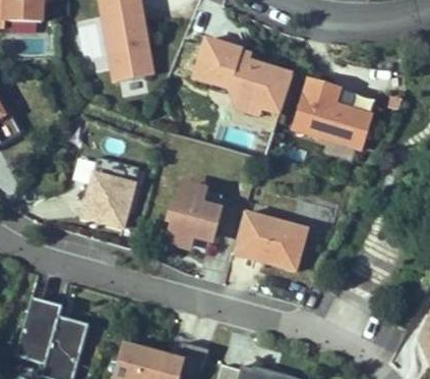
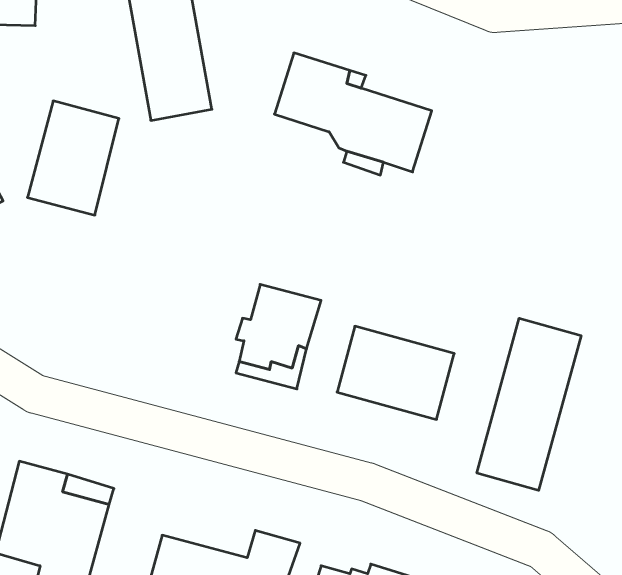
building: [292,80,369,149] -> none
building: [80,156,138,228] -> [27,101,119,215]
building: none -> [477,318,581,490]

